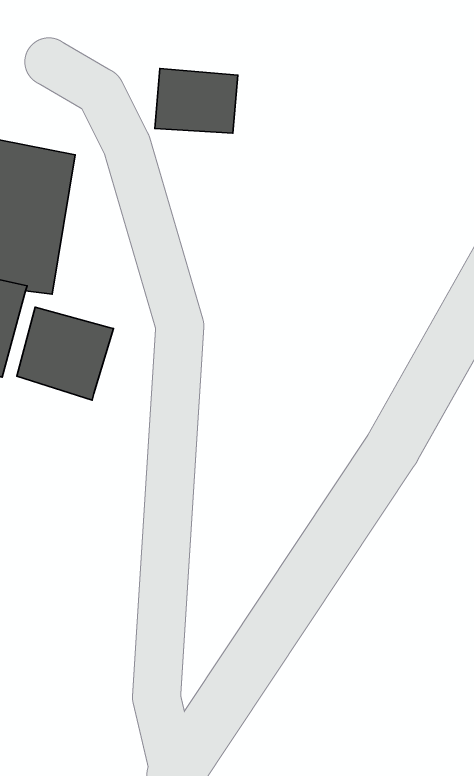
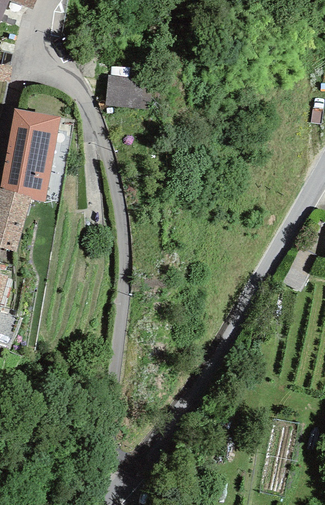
building: [17,307,114,400] -> none

